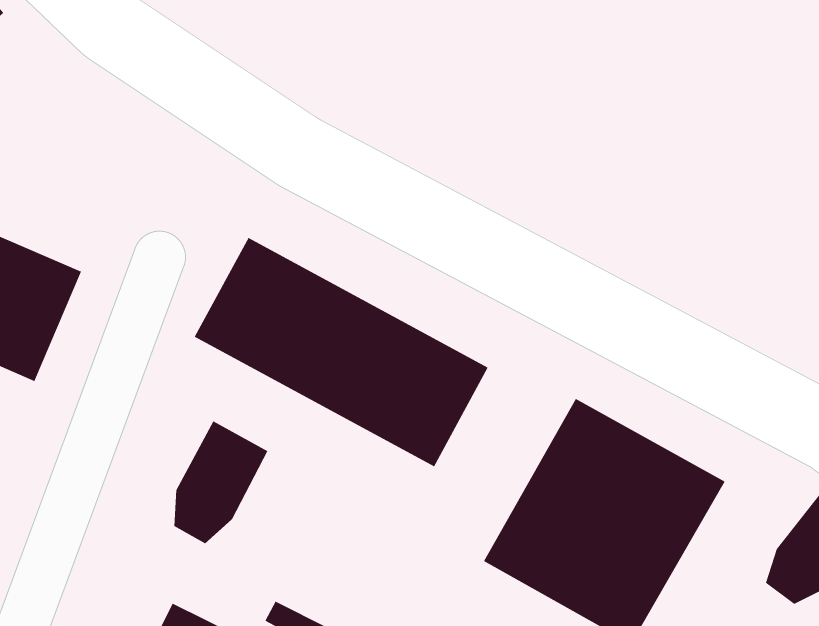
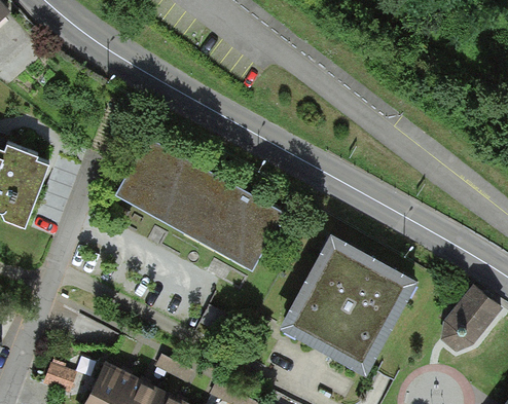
building: [174,420,268,544] -> none

